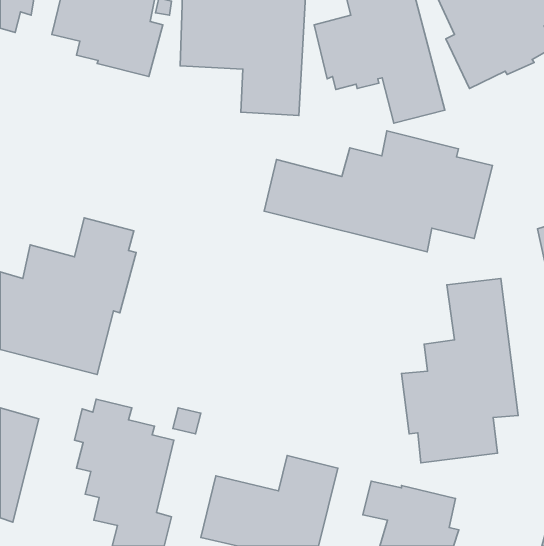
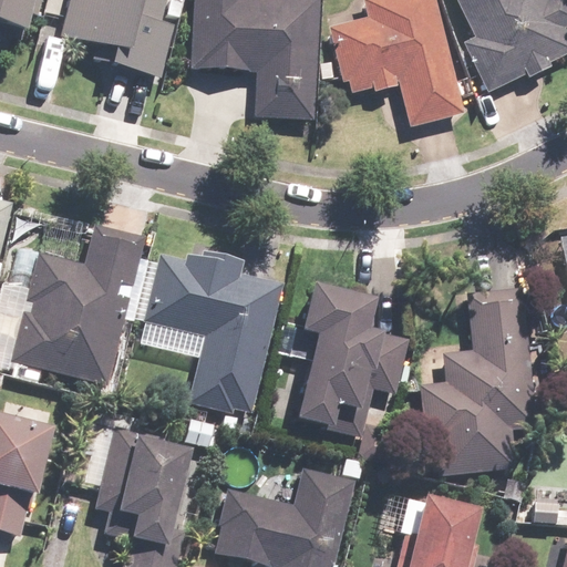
building: [264,131,493,252] -> none
building: none -> [144,250,282,413]
building: none -> [291,285,410,437]

